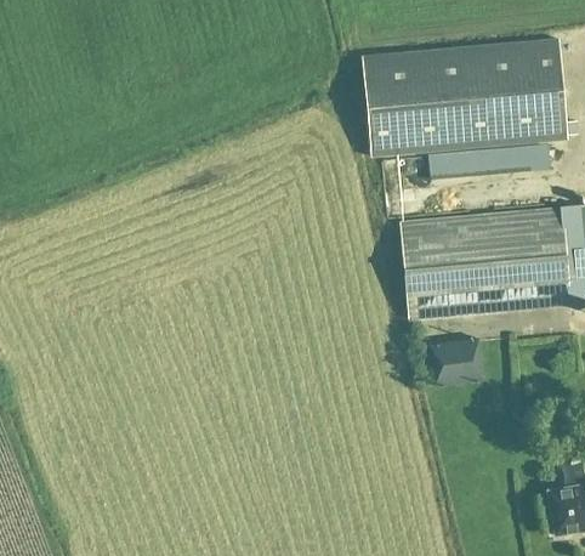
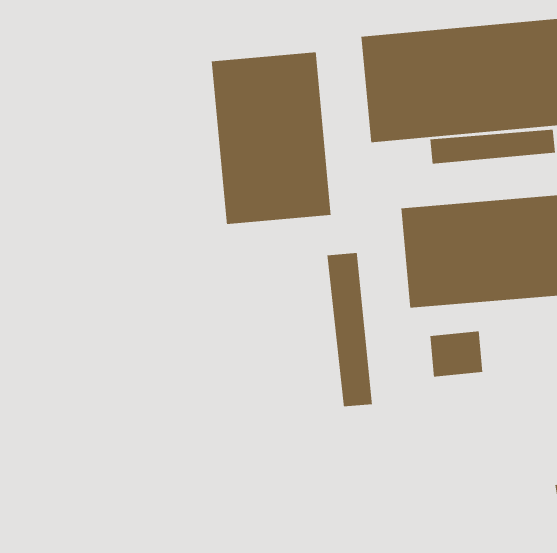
building: none -> [211,51,331,225]
building: none -> [327,252,373,407]

